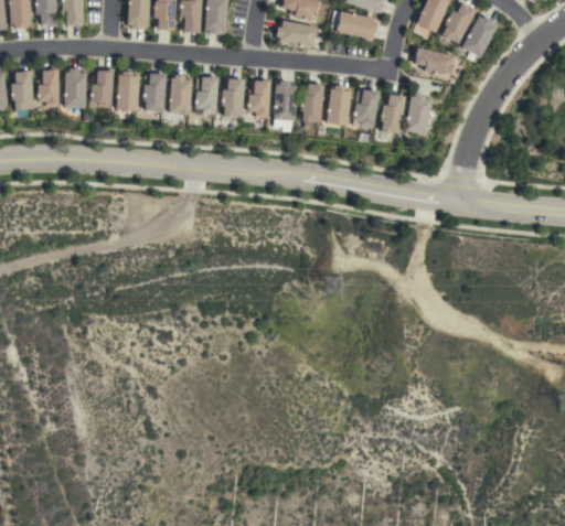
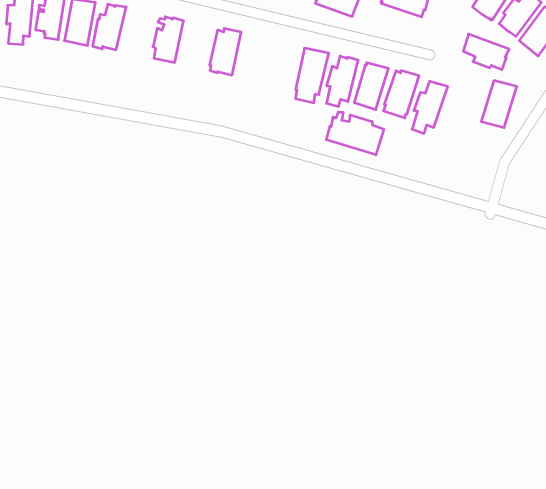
building: [117,72,140,111] -> none
building: [169,75,193,115] -> none
building: [222,78,245,121] -> none
building: [248,79,270,118] -> none
building: [405,94,431,133] -> [481,81,517,128]
building: none -> [326,112,384,155]

